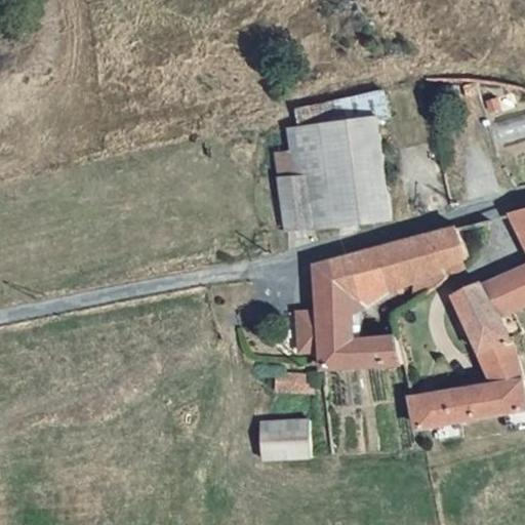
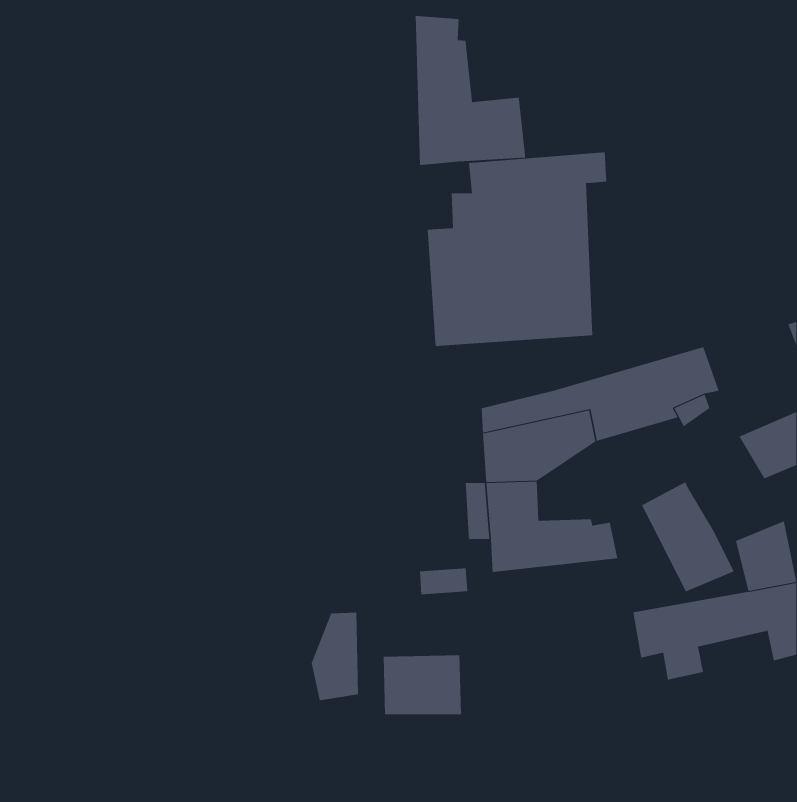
building: none -> [415,15,526,166]
building: [448,279,509,351] -> [641,481,735,592]
building: none -> [311,612,358,701]

